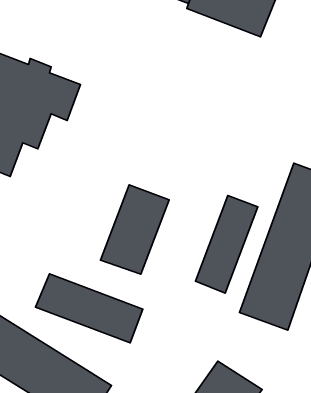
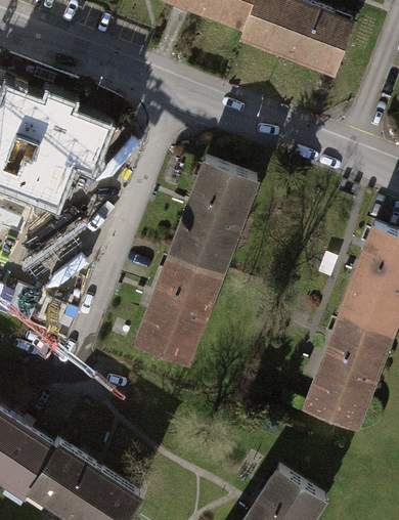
building: none -> [169,161,252,270]
building: [196,195,258,293] -> none
building: [36,274,143,343] -> none

